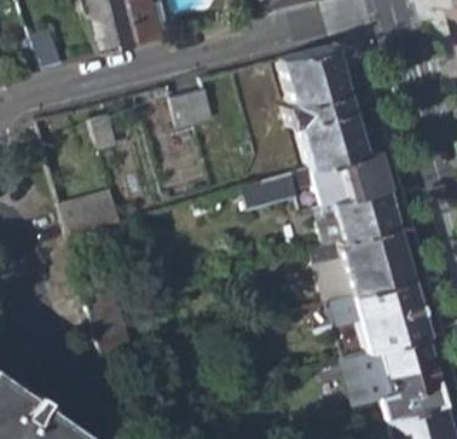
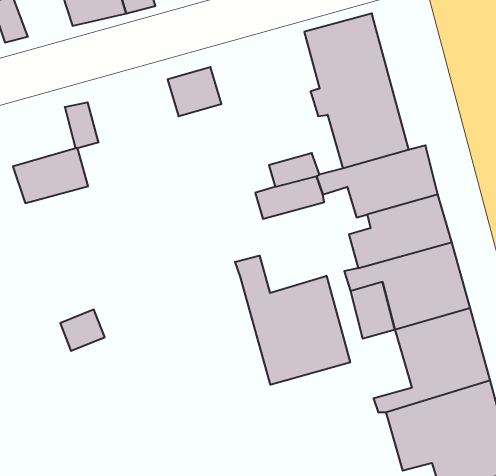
building: [63,190,122,233] -> [13,148,88,203]
building: none -> [235,256,350,385]

